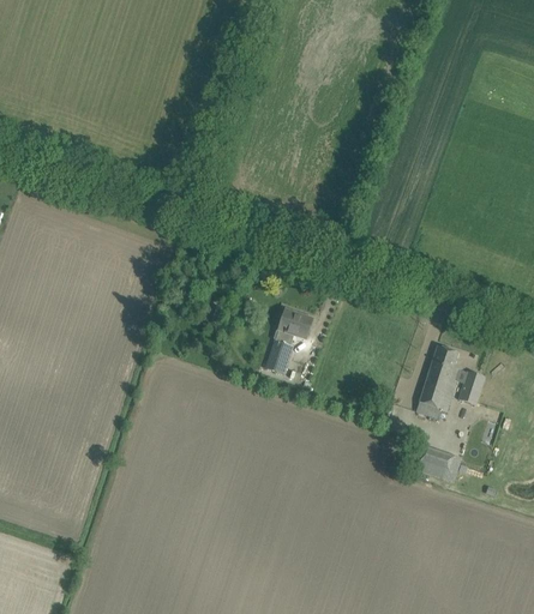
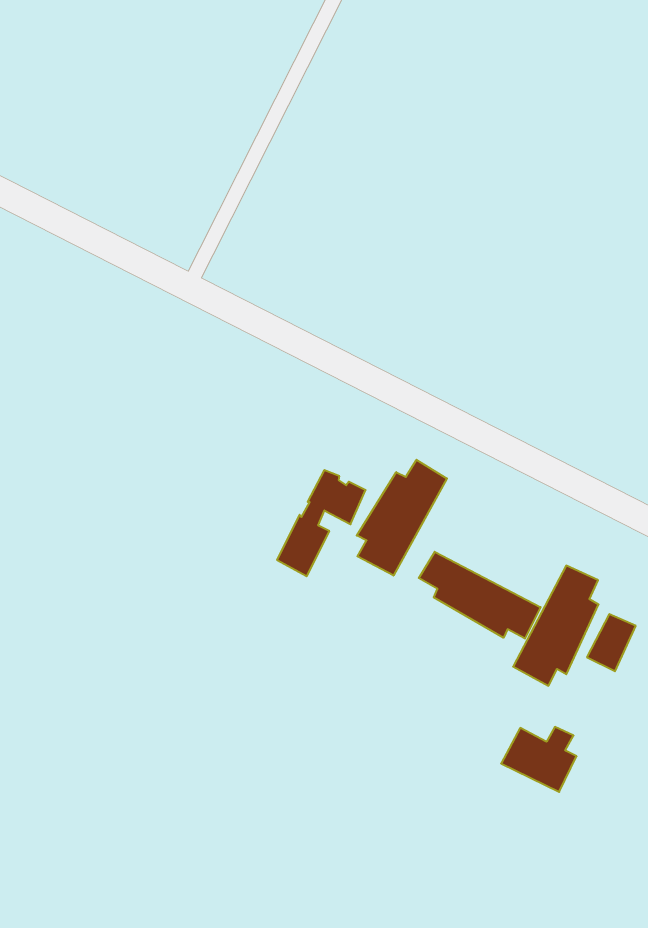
building: none -> [357,460,447,576]
building: none -> [419,552,541,639]

